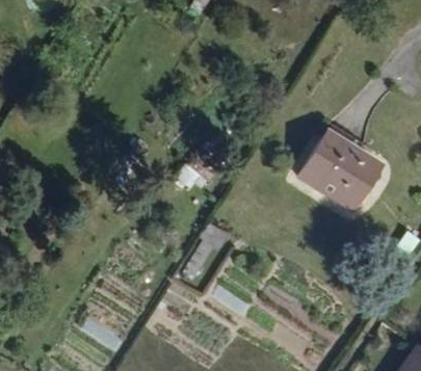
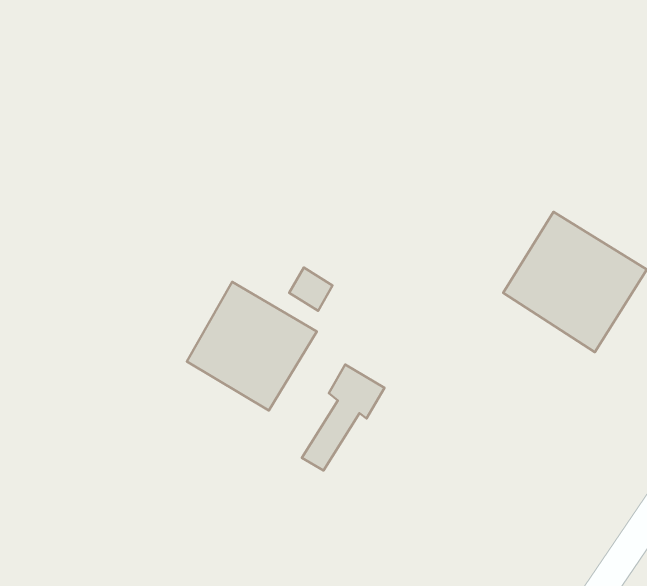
building: none -> [187,282,317,410]

